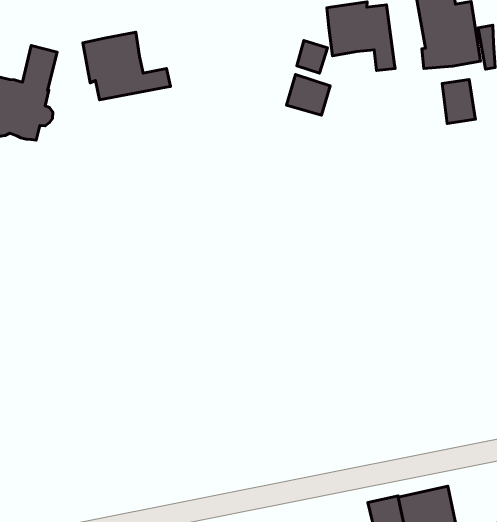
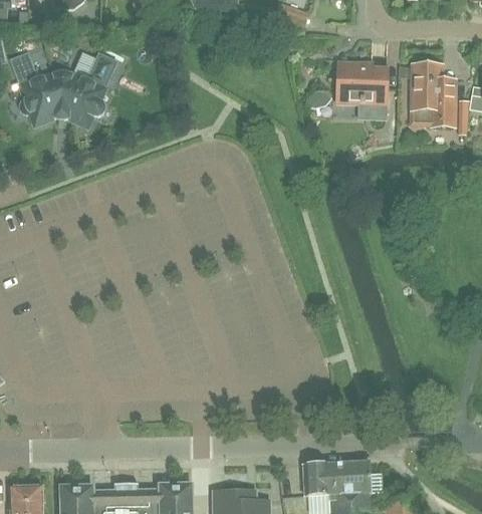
building: [83,32,170,100] -> none
building: [286,75,330,115] -> none
building: [442,80,475,124] -> none

